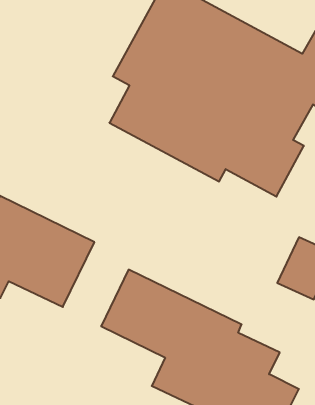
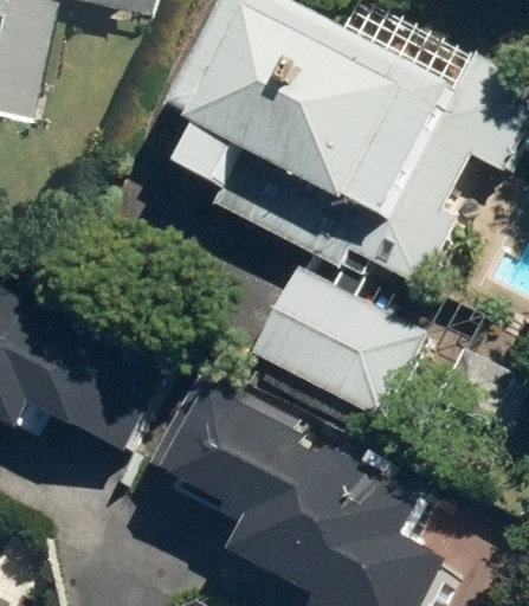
building: none -> [244,265,420,417]

